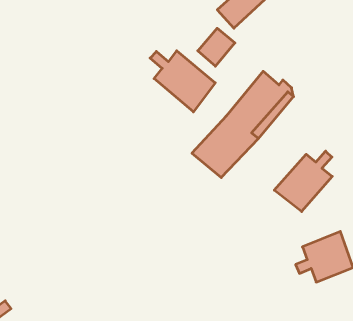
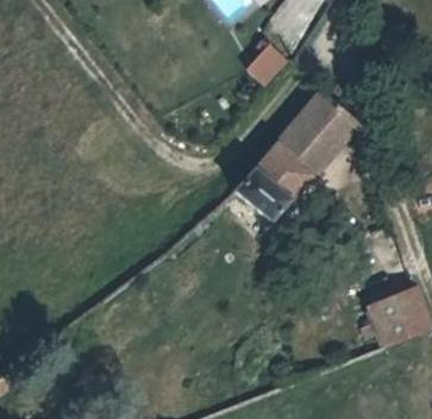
building: [150,51,215,112] -> none
building: [274,151,332,212] -> none

